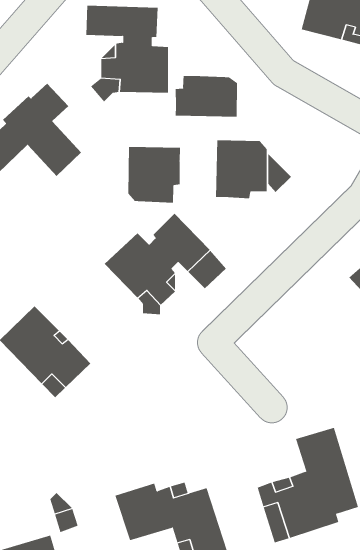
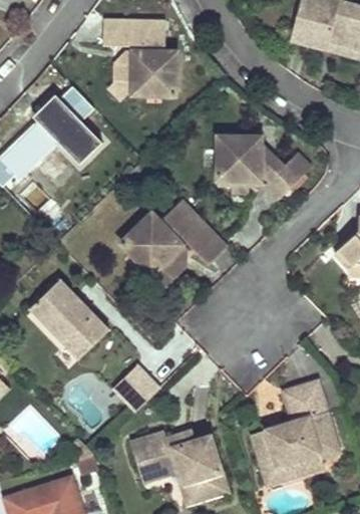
building: [175,75,237,117] -> none
building: [128,146,181,203] -> none
building: none -> [265,154,310,198]
building: none -> [113,364,158,412]

